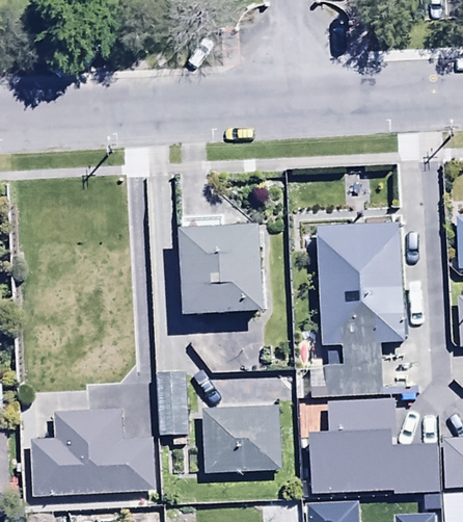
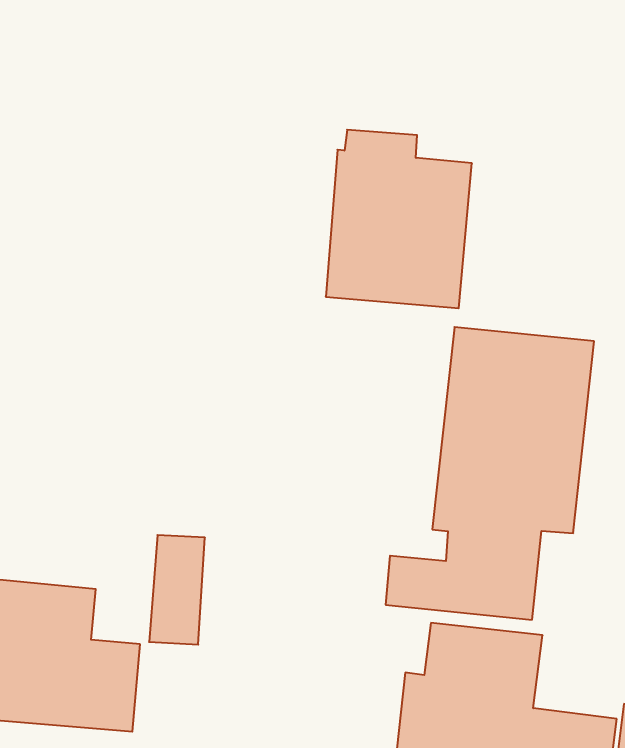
building: [179,217,262,319] -> [326,130,472,308]
building: [206,404,282,470] -> none

